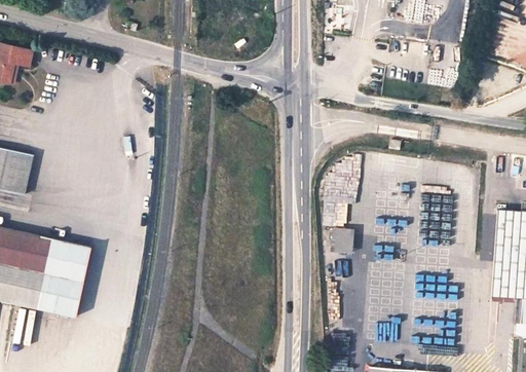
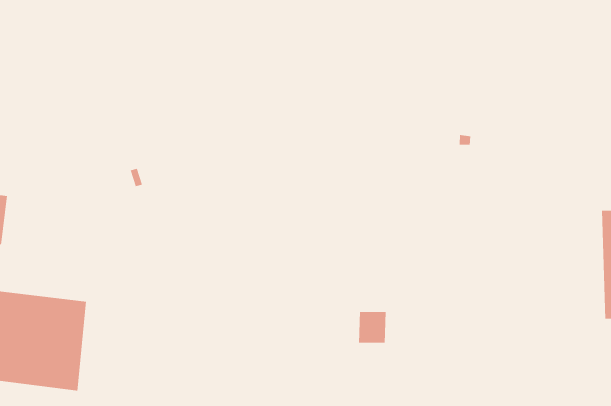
building: [334,227,359,254] -> [358,312,387,343]

